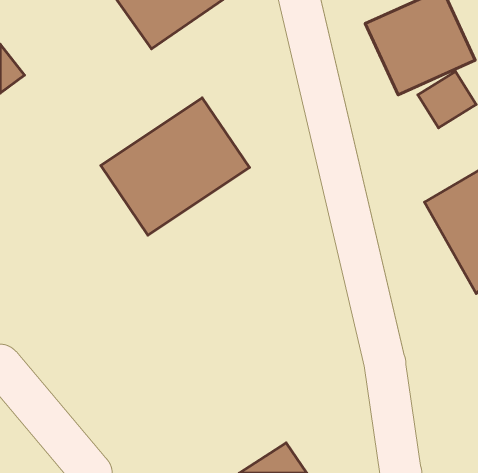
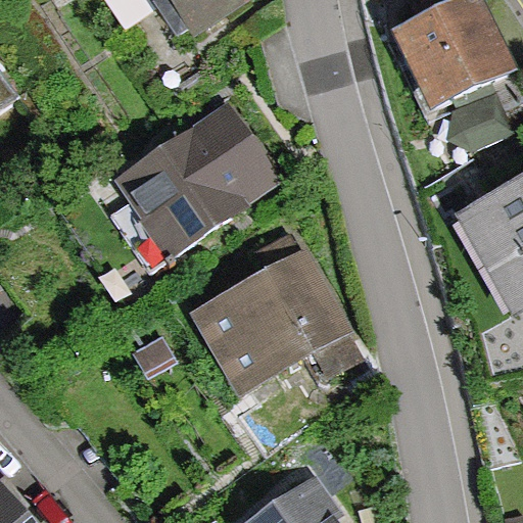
building: none -> [177,252,337,401]

